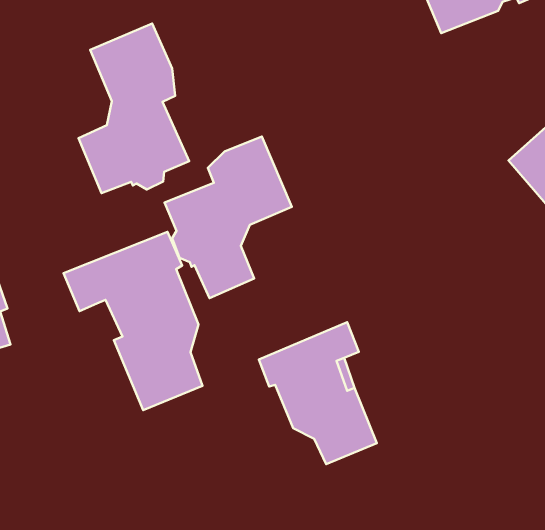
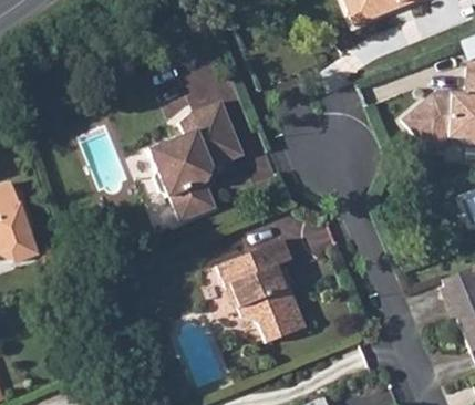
building: [78,24,189,193] -> none
building: [63,232,203,410] -> none

